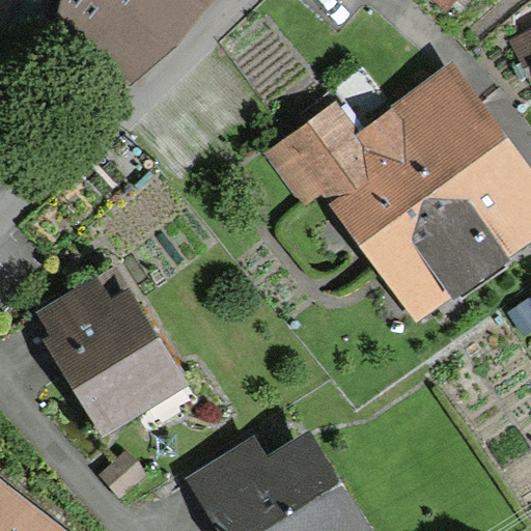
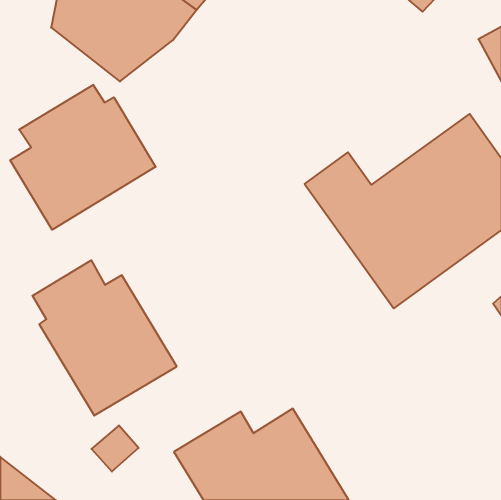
building: [262,61,497,207] -> none
building: none -> [10,85,156,230]

